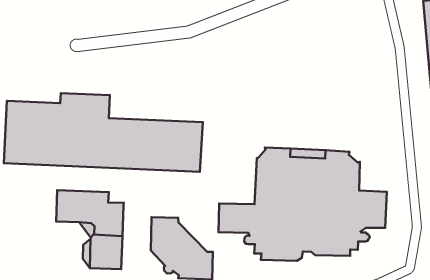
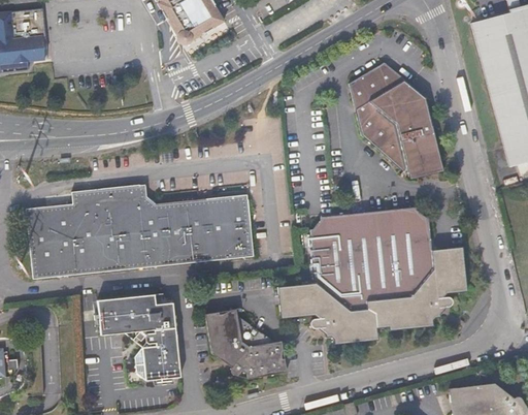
building: none -> [350,63,444,180]
building: none -> [139,184,248,211]

